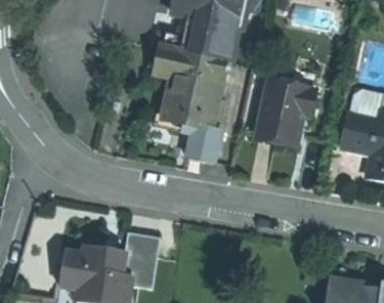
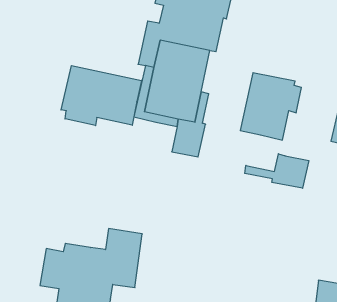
building: none -> [61,66,141,126]
building: none -> [245,154,309,188]

